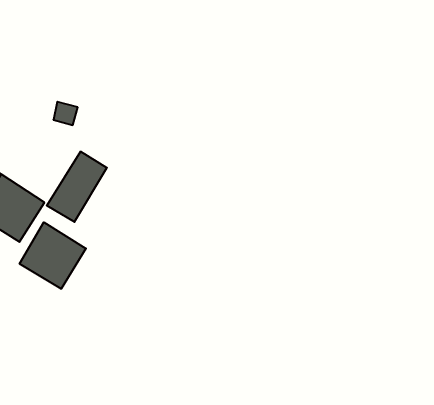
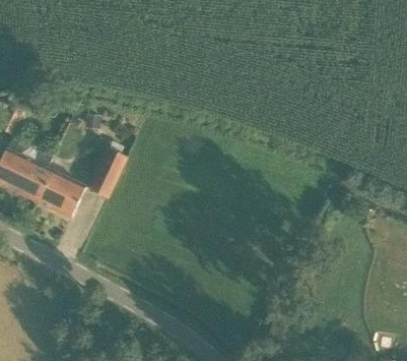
building: [20,222,86,289] -> none

